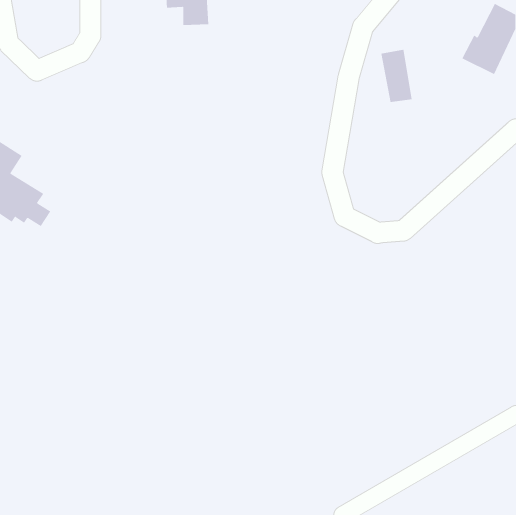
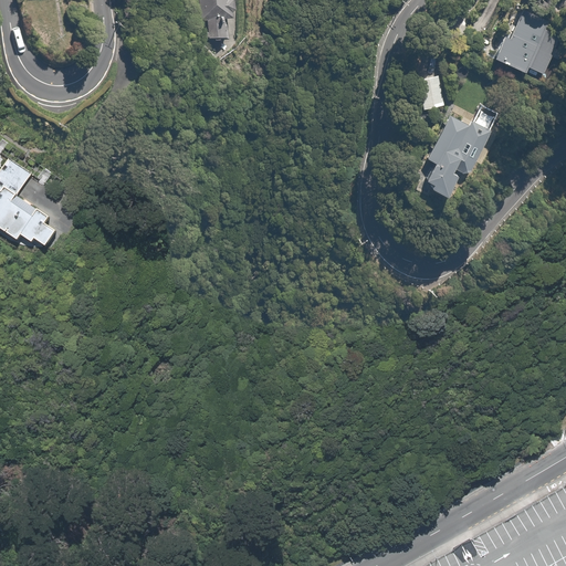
building: none -> [421,105,503,198]

